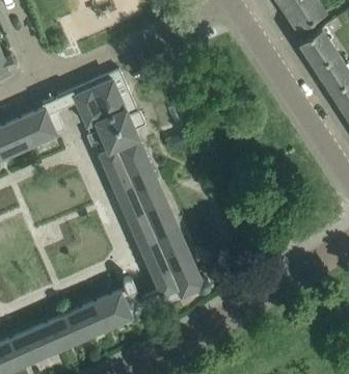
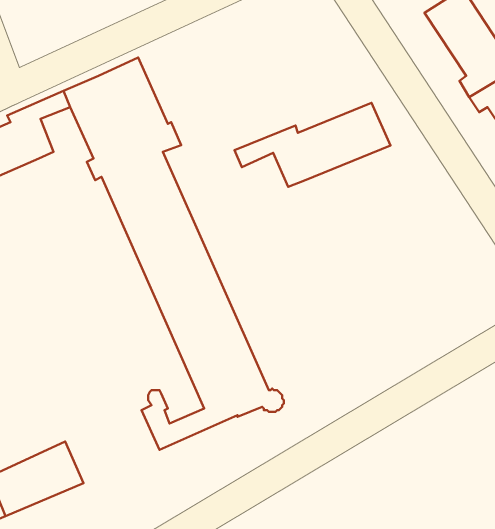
building: none -> [234,103,390,187]
building: [72,292,131,339] -> none

